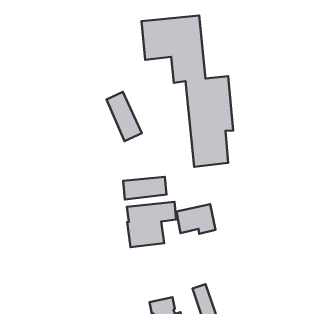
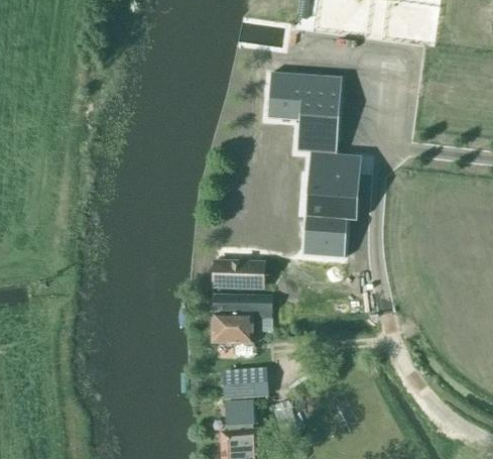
building: [106,92,142,141] -> none
building: [177,204,216,234] -> [226,367,269,400]

